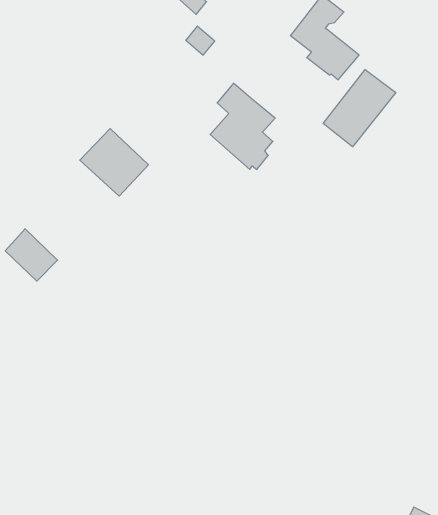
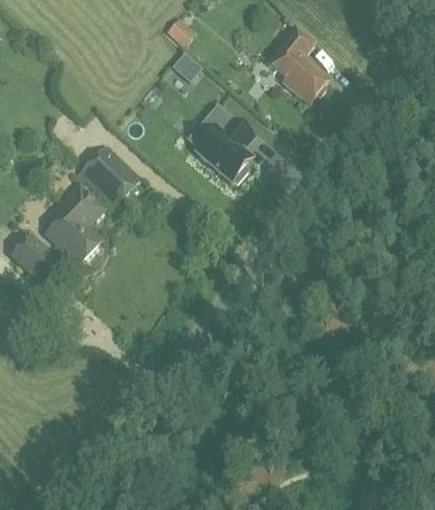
building: [323,70,396,147] -> none
building: none -> [47,185,104,261]

